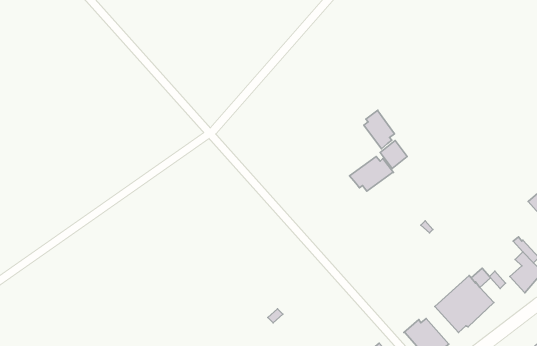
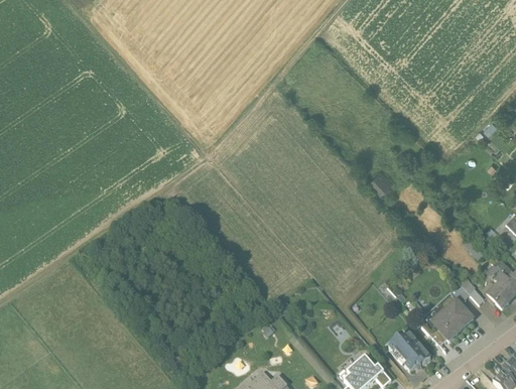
building: [364,110,395,149] -> none
building: [350,156,393,191] -> none

